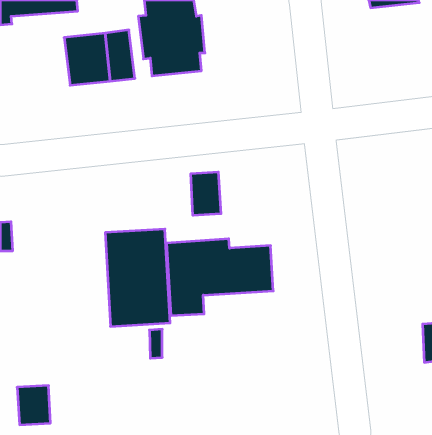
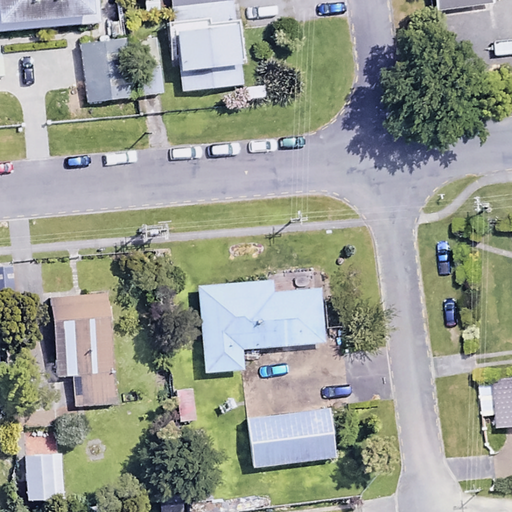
building: [191,172,221,215] -> none
building: [105,229,170,326] -> [40,293,116,407]
building: none -> [250,406,337,465]

